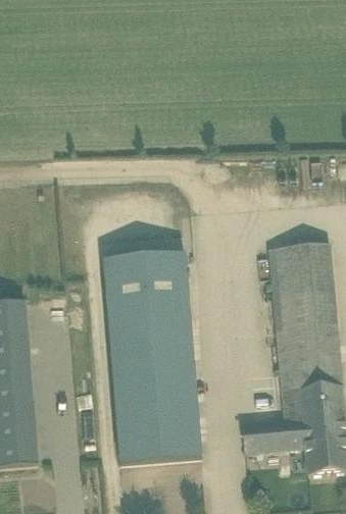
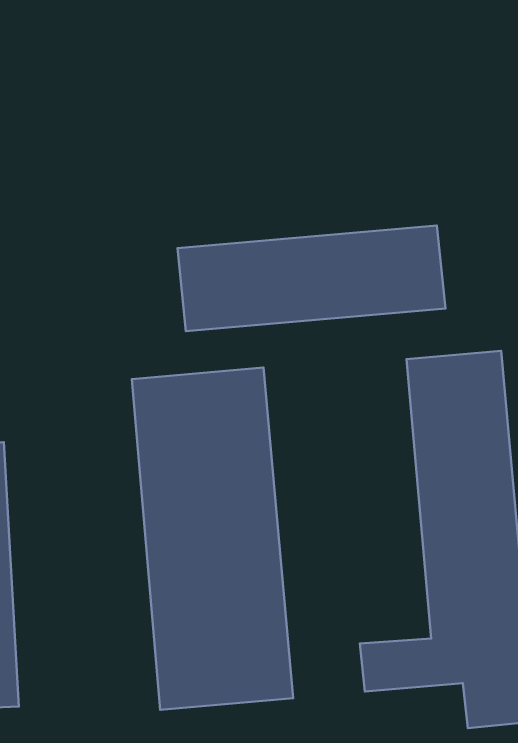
building: none -> [177,225,446,331]

